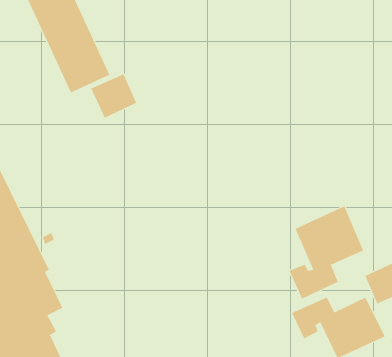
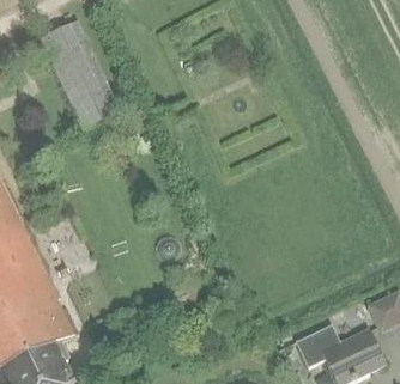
building: [90,74,137,118] -> none
building: [289,205,364,300] -> none

